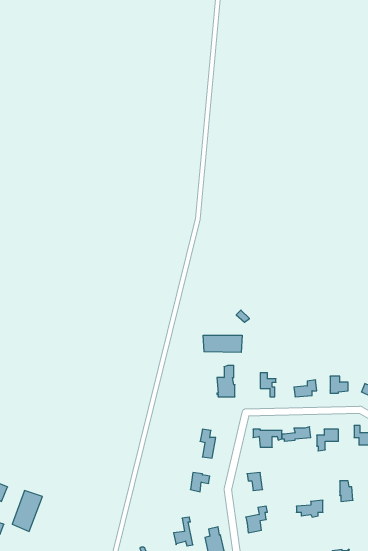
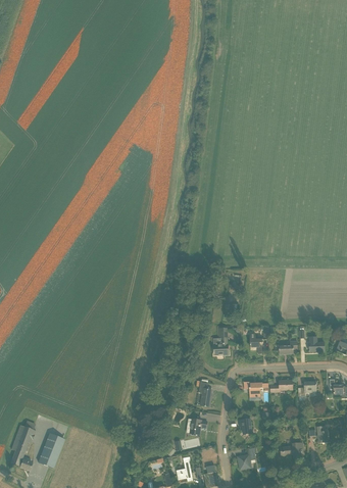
building: [203,335,242,352] -> none

